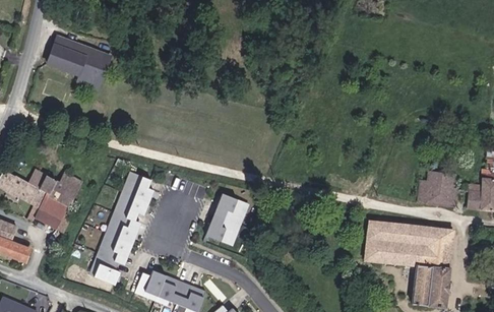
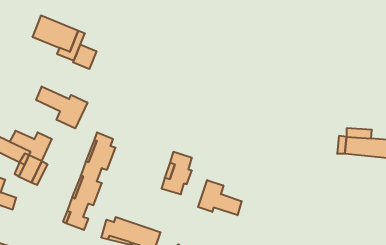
building: none -> [73,44,96,69]
building: none -> [36,86,87,128]
building: [366,219,454,303] -> none
building: none -> [198,180,242,215]

